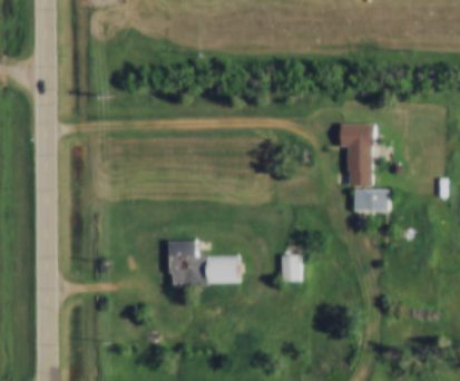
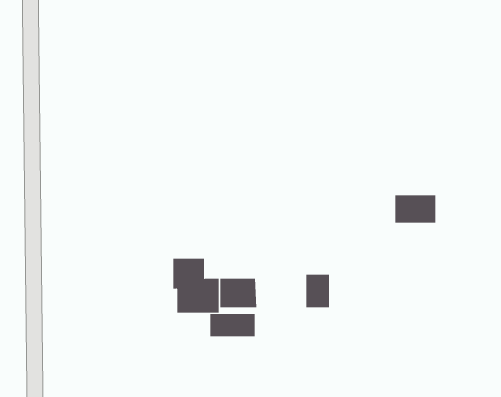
building: [341,123,375,186] -> none
building: none -> [210,313,255,337]

